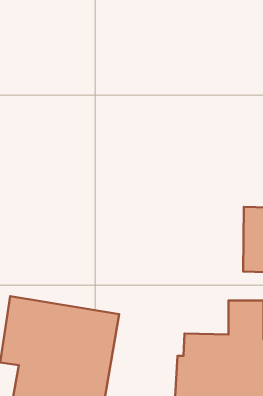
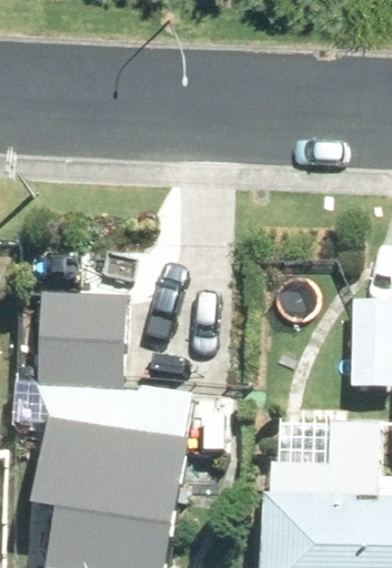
building: none -> [38,287,127,390]

